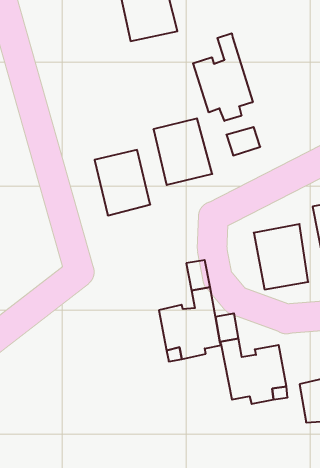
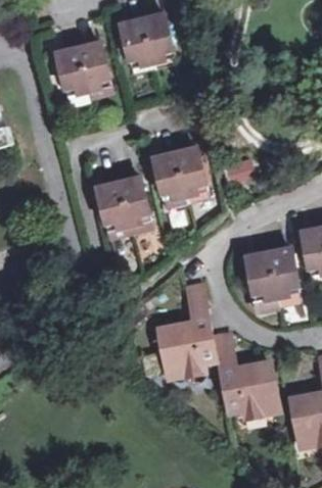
building: none -> [54,41,109,103]
building: [193,33,253,121] -> none

